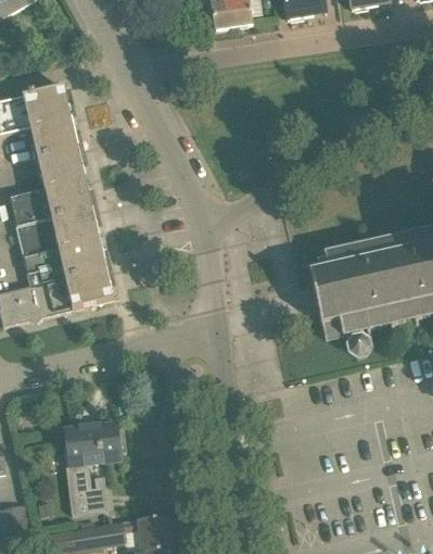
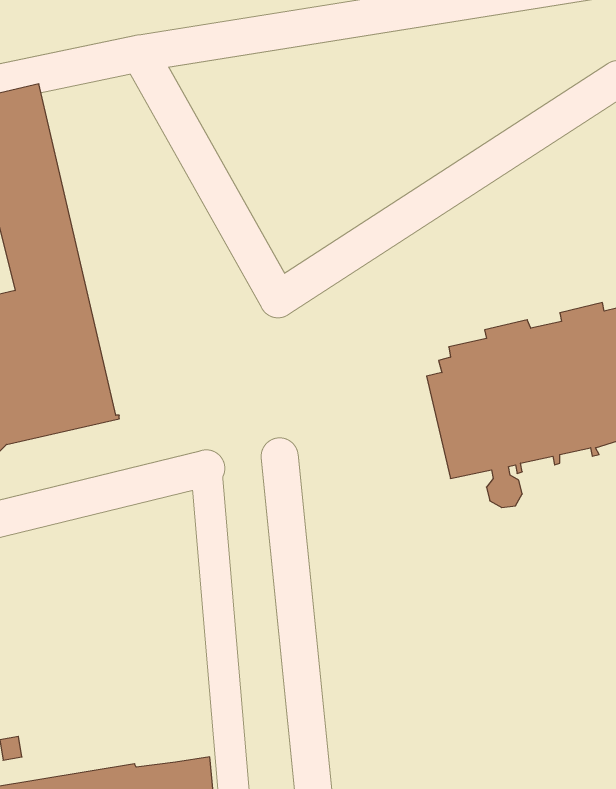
building: [65,424,125,516] -> none

